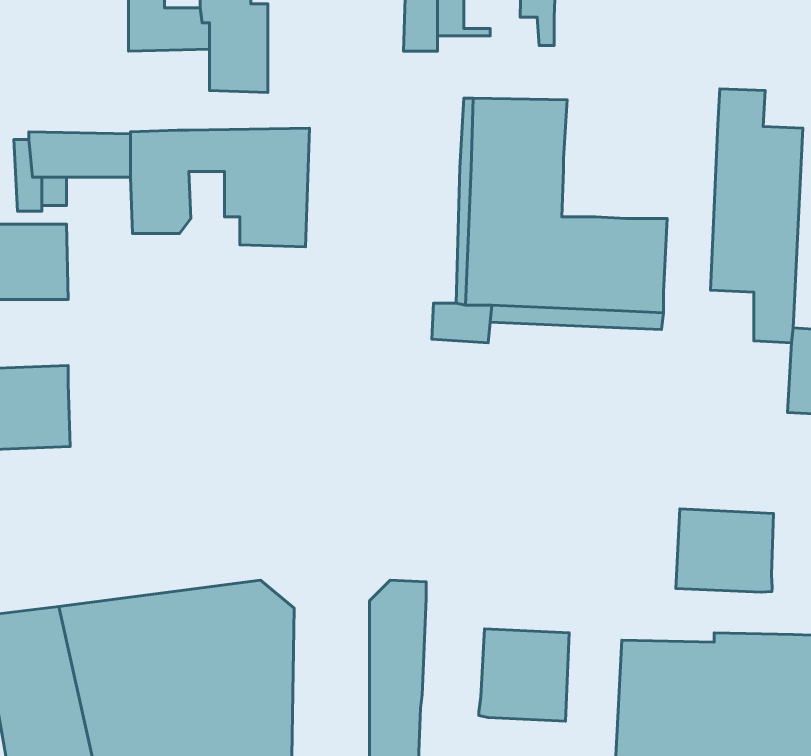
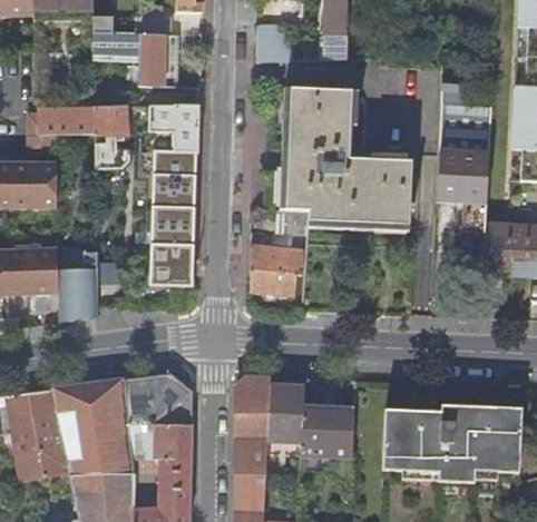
building: none -> [156,175,197,290]
building: none -> [248,235,304,295]
building: none -> [57,239,97,321]
building: [676,509,773,592] -> none
building: none -> [266,384,304,442]

